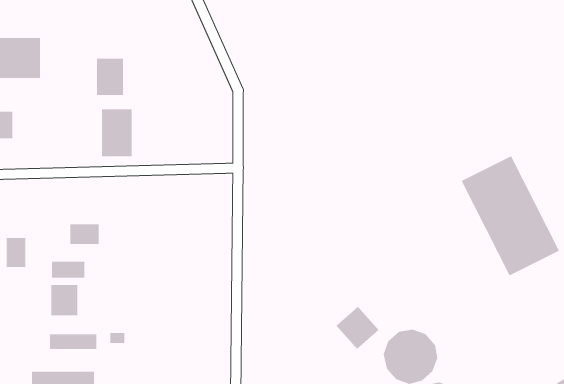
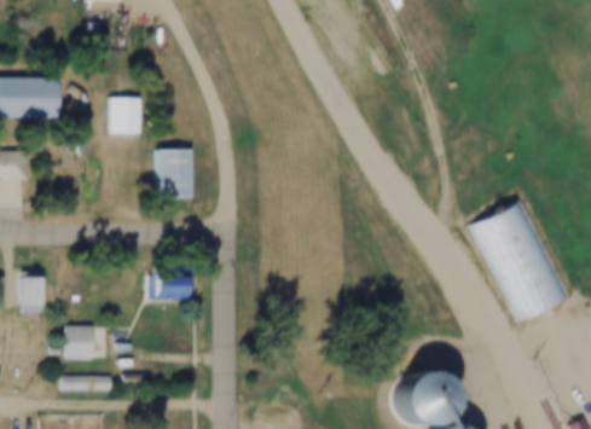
building: [101,109,133,157] -> [156,151,187,199]
building: [70,224,100,244] -> [151,278,181,298]
building: [51,261,85,279] -> none
building: [335,306,379,350] -> none

